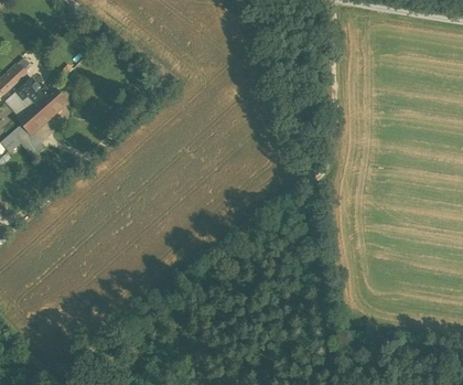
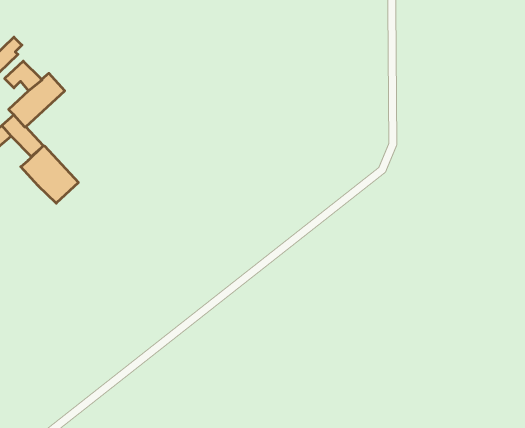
building: none -> [21,146,78,203]

